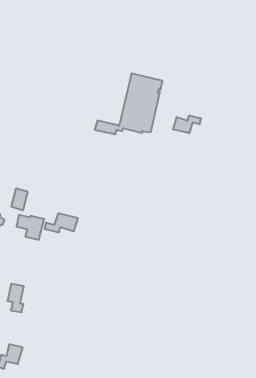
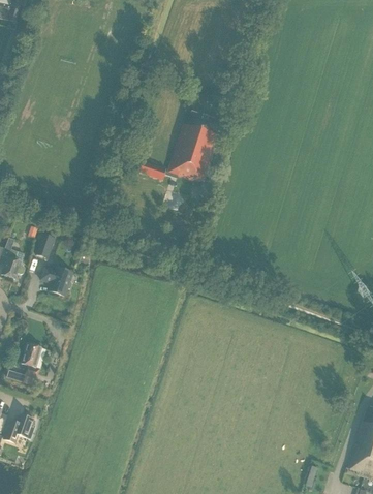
building: [173,115,201,133] -> none
building: [45,213,78,233] -> none

